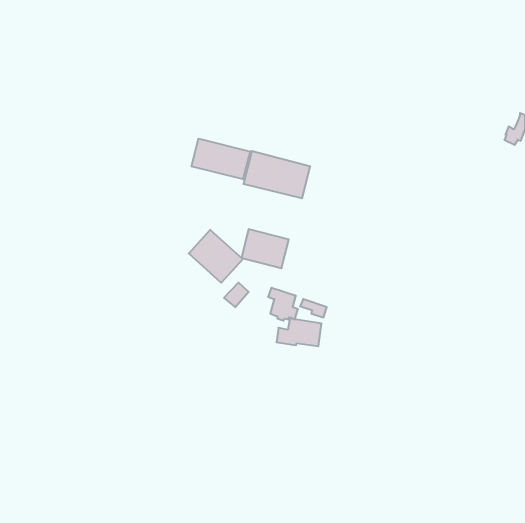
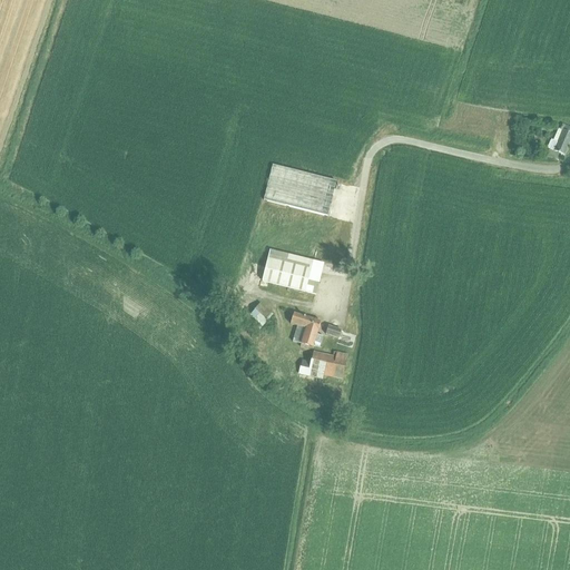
building: [191,139,250,179] -> none
building: [189,230,243,283] -> none

